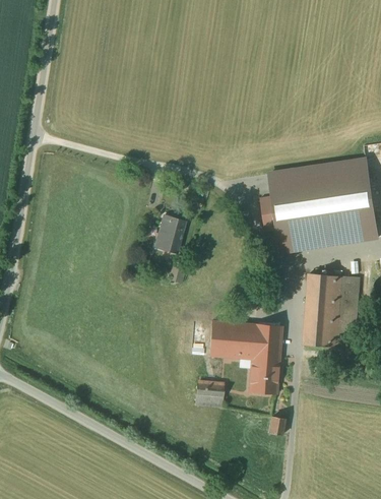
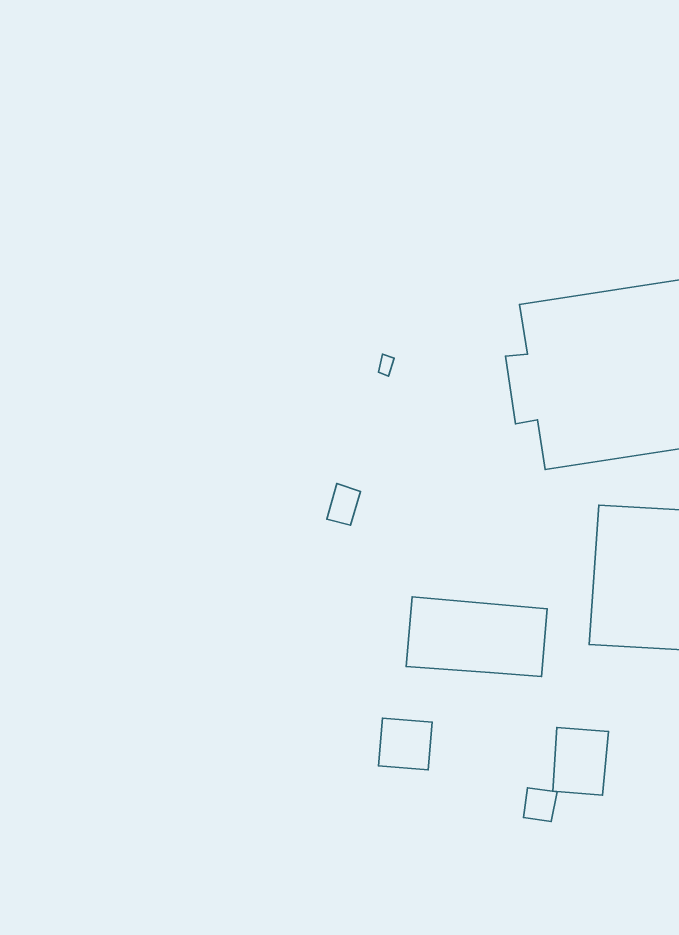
building: [154,214,185,252] -> none
building: [249,359,277,393] -> [553,728,609,795]

